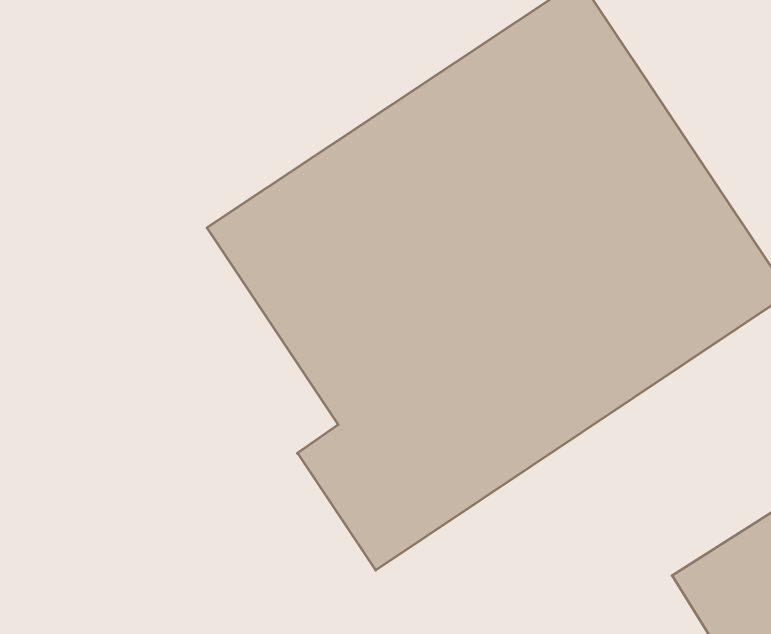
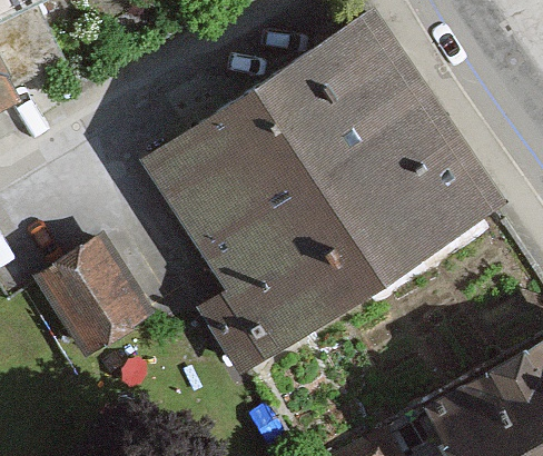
building: none -> [30,236,149,357]

